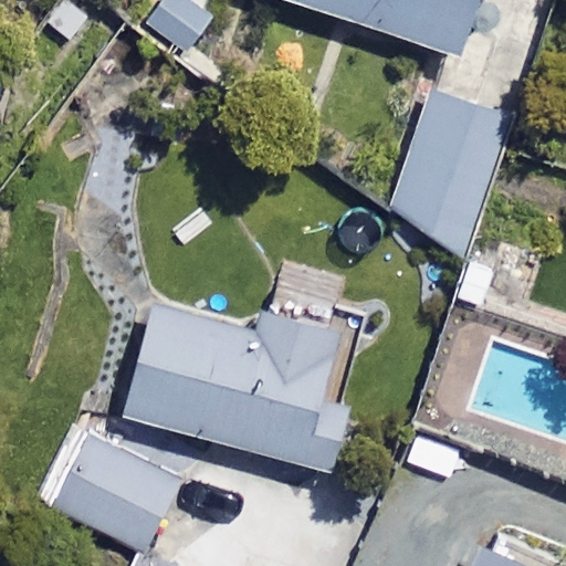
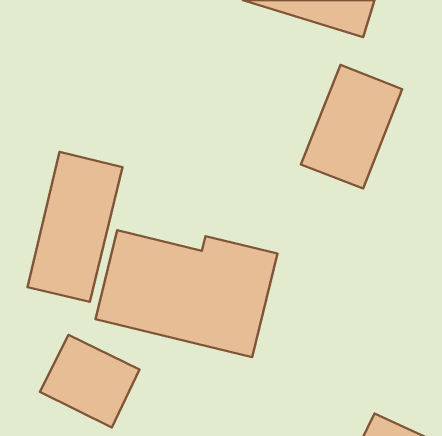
building: none -> [27,152,122,302]

